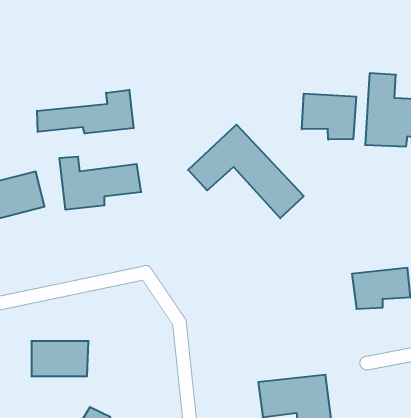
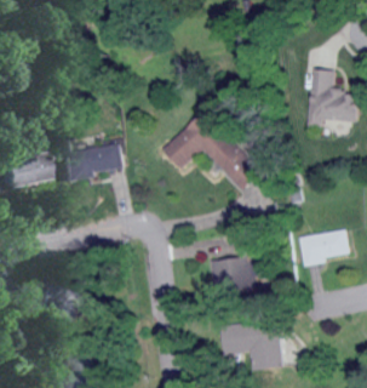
building: [37,90,133,134] -> none
building: [302,94,356,140] -> none
building: none -> [211,256,258,291]

